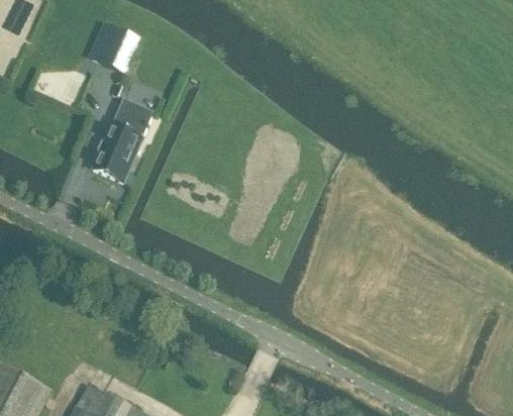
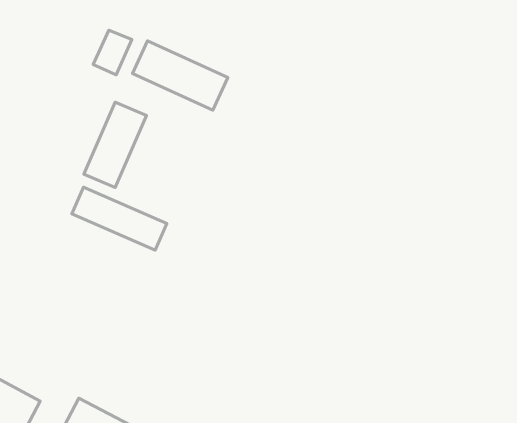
building: none -> [132,41,228,110]
building: none -> [72,187,167,250]

